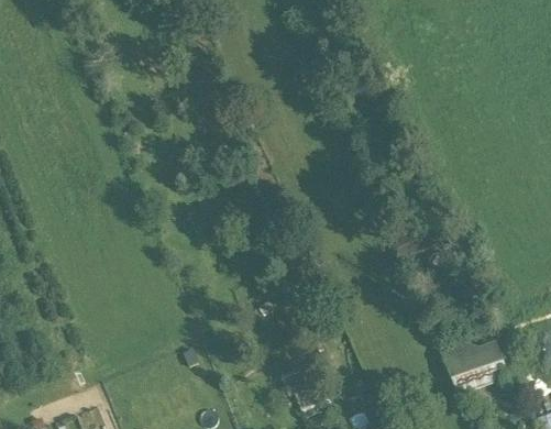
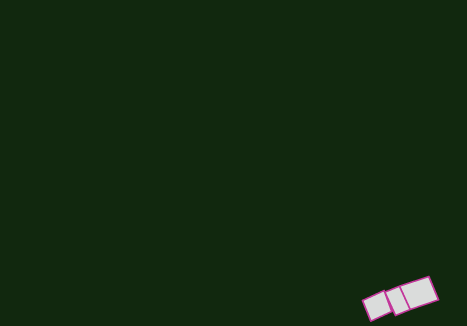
building: none -> [363,290,392,321]

